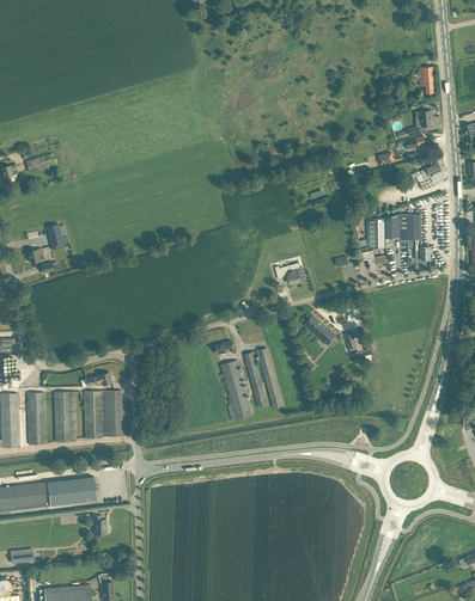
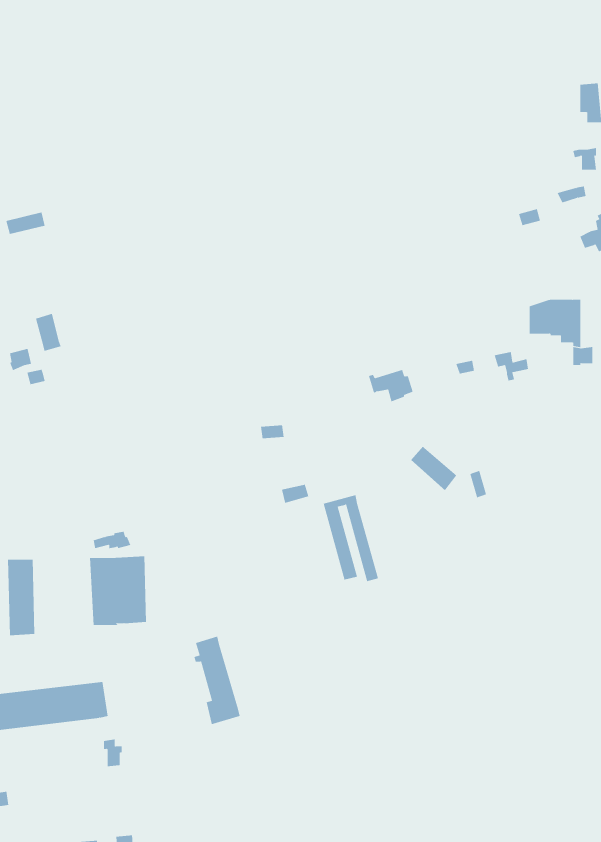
building: [366,219,384,247] -> none
building: [219,360,251,421] -> [194,636,241,725]
building: [53,391,75,441] -> none

